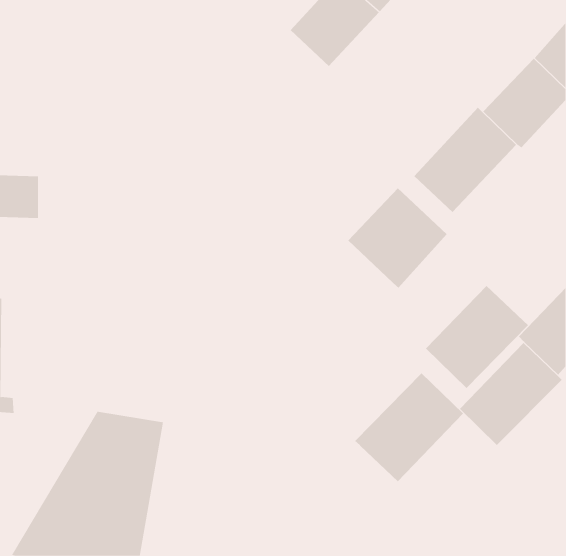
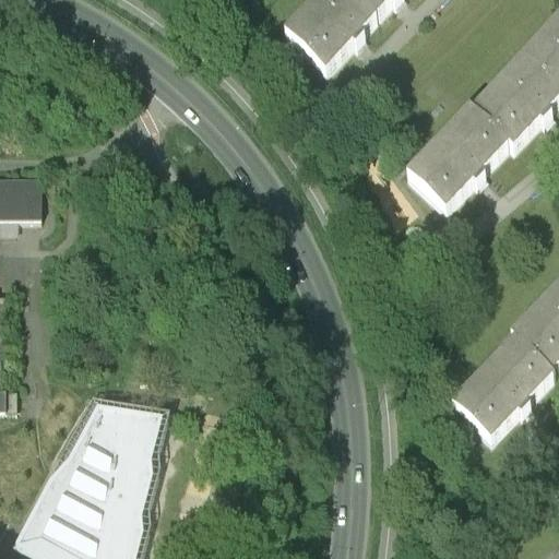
building: [347,187,447,289] -> none
building: [425,285,529,389] -> none
building: [354,373,464,482] -> none

